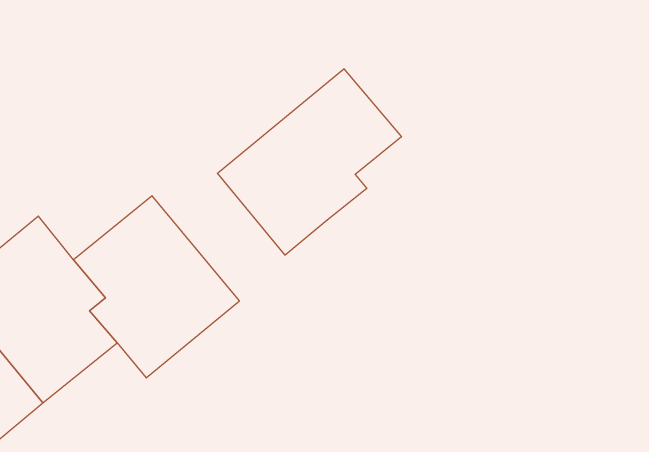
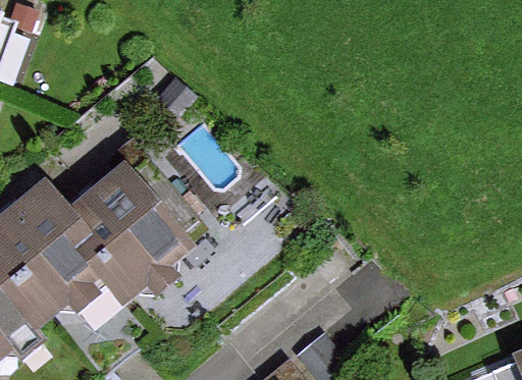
building: [217,69,401,255] -> none

